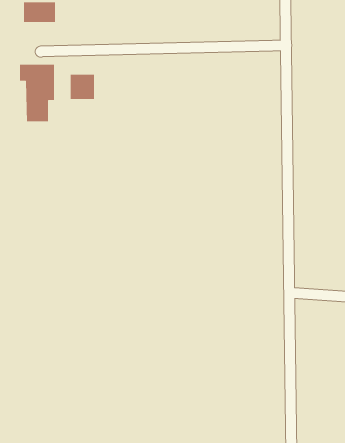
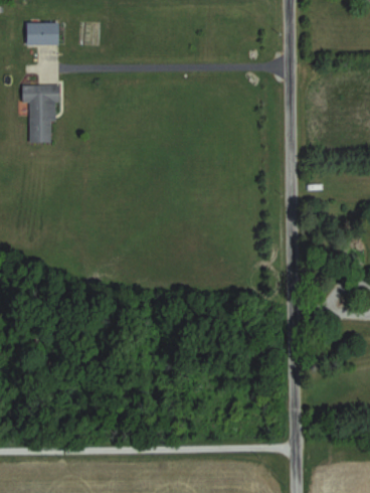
building: [70,74,95,100] -> none

